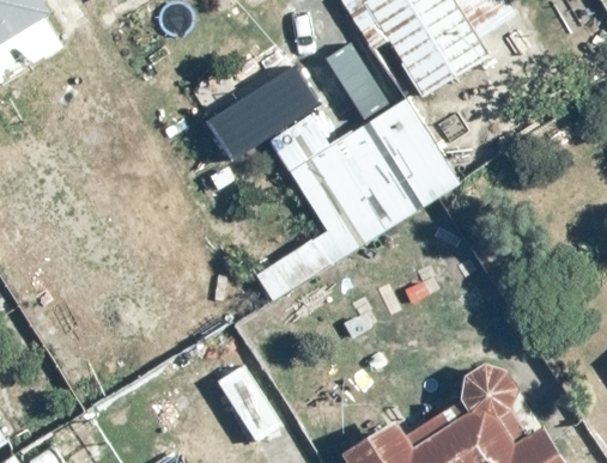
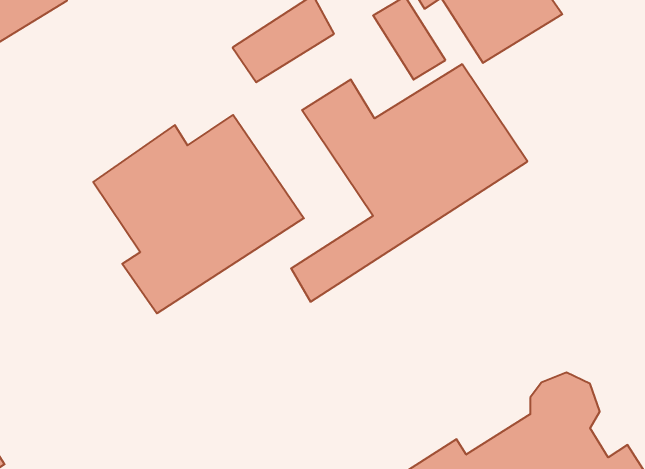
building: none -> [93,115,304,313]

